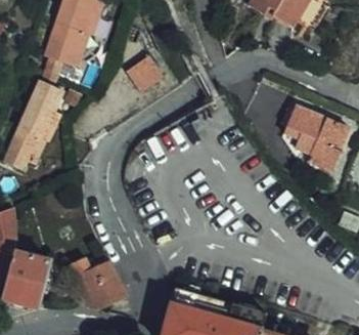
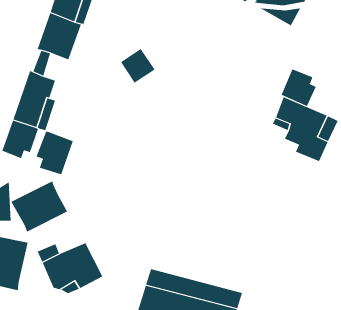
building: none -> [281,69,316,107]
building: none -> [36,131,74,175]
building: none -> [11,181,68,232]

